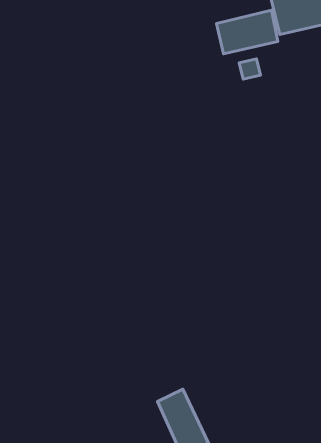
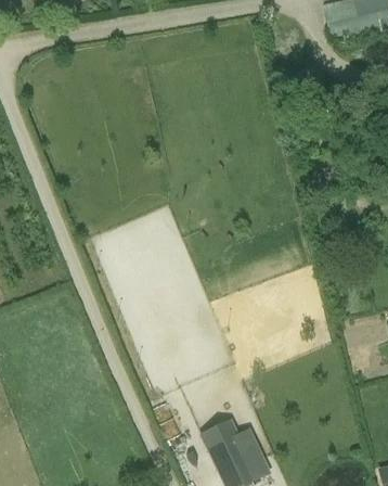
building: [216,10,278,54] -> none

